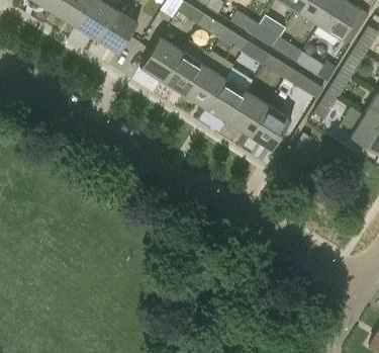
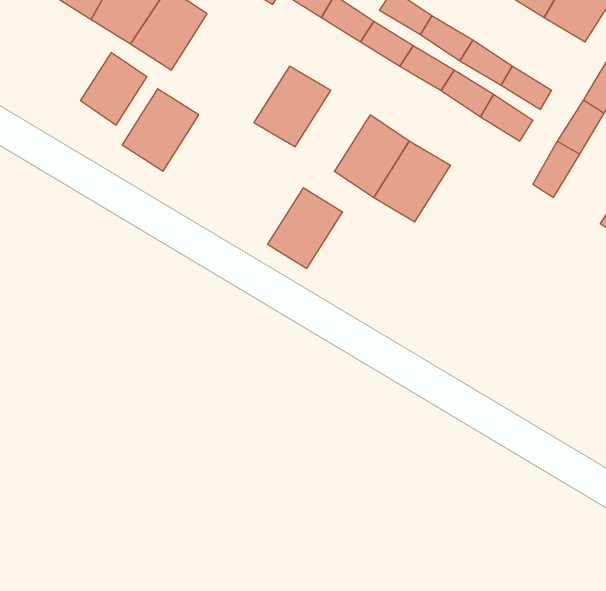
building: [141,38,183,83] -> [122,89,199,171]
building: none -> [81,53,147,125]
building: [186,66,226,109] -> [268,188,343,268]
building: [251,106,292,151] -> none

